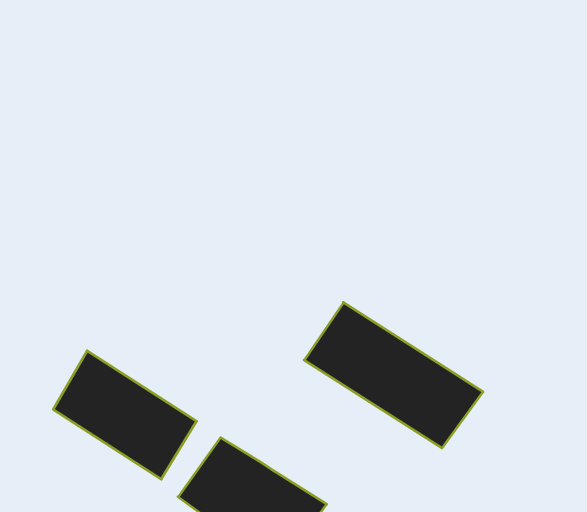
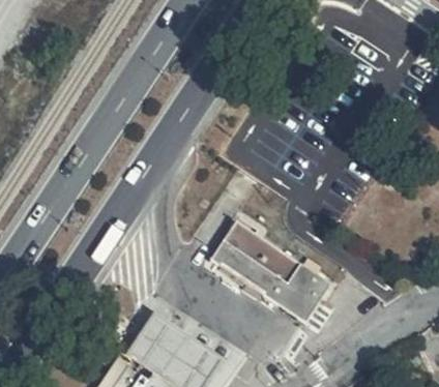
building: [53,351,197,479] -> none

